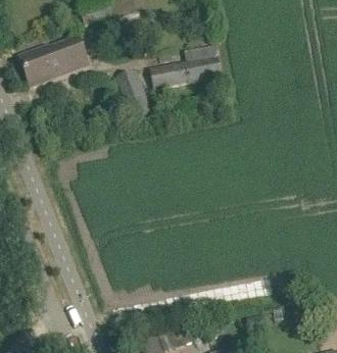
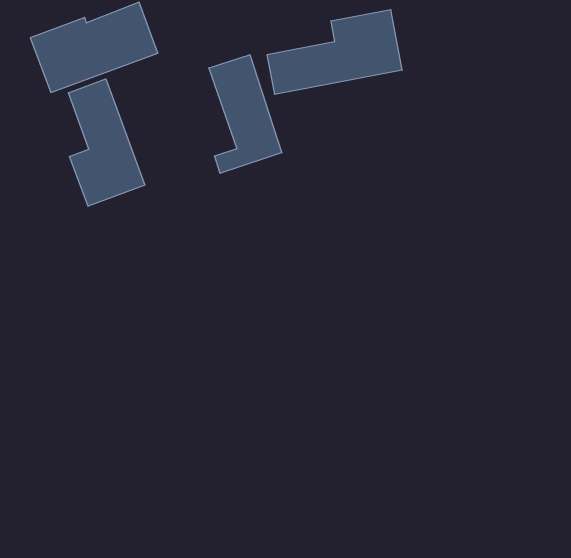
building: none -> [68,79,145,206]

